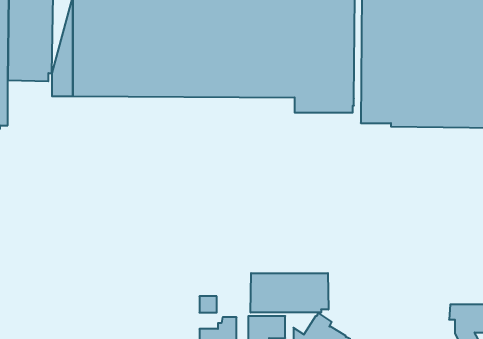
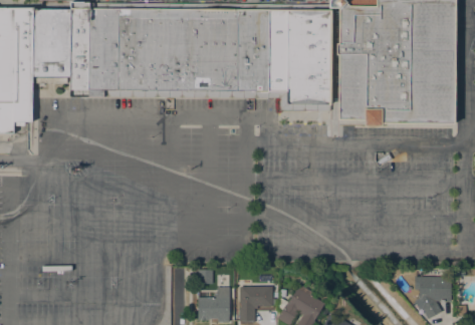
building: [251,273,328,313] -> none

